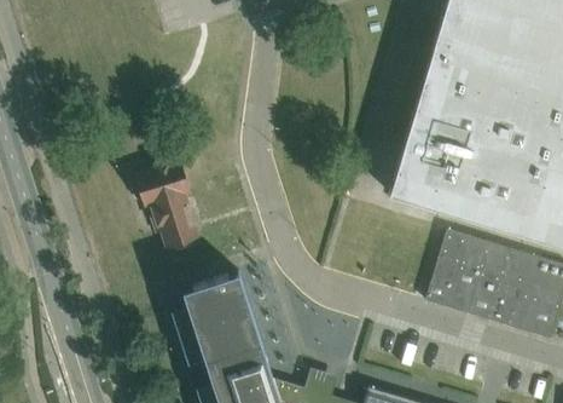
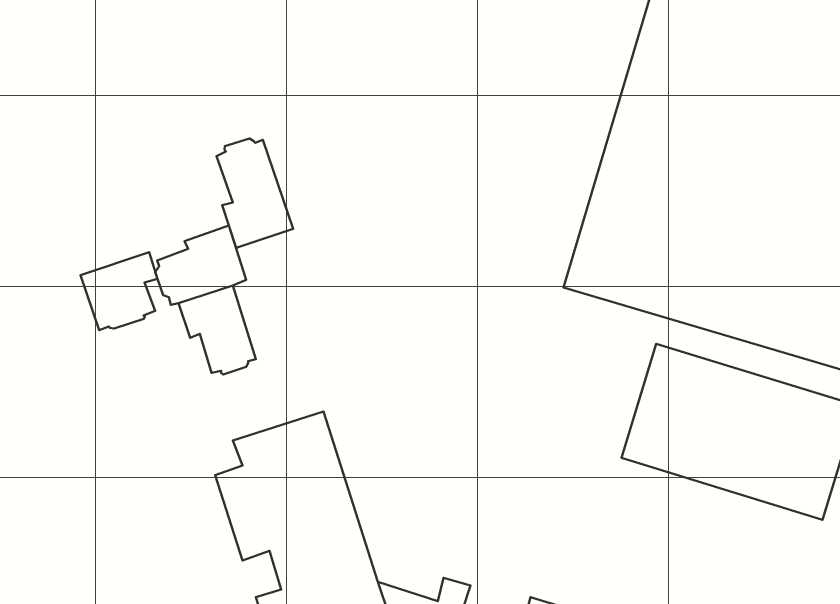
building: none -> [217,138,293,248]
building: none -> [80,252,157,330]

